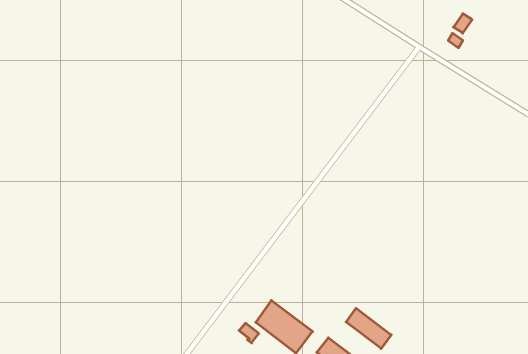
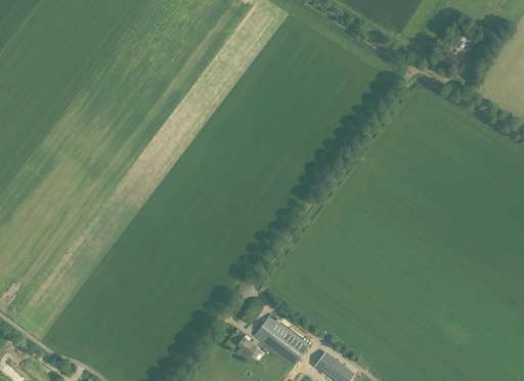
building: [346,308,391,349] -> none

